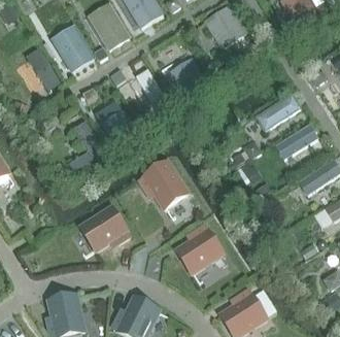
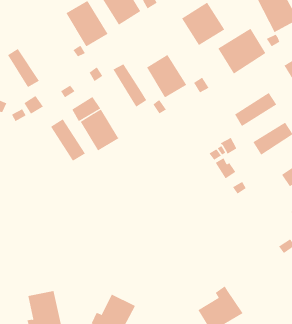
building: [50,27,93,72] -> none
building: none -> [217,28,266,74]
building: [139,163,186,208] -> none
building: [80,207,129,249] -> none
building: [176,226,223,273] -> none

